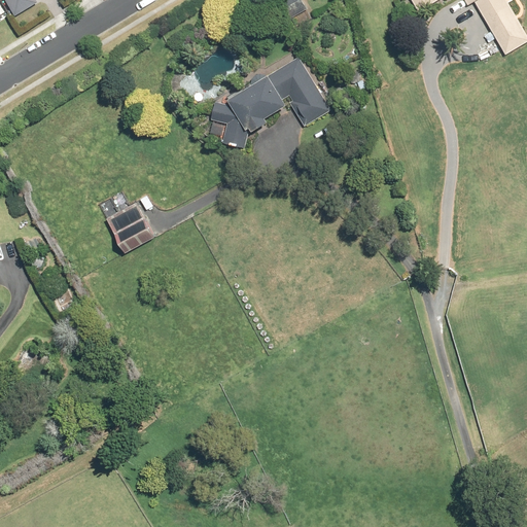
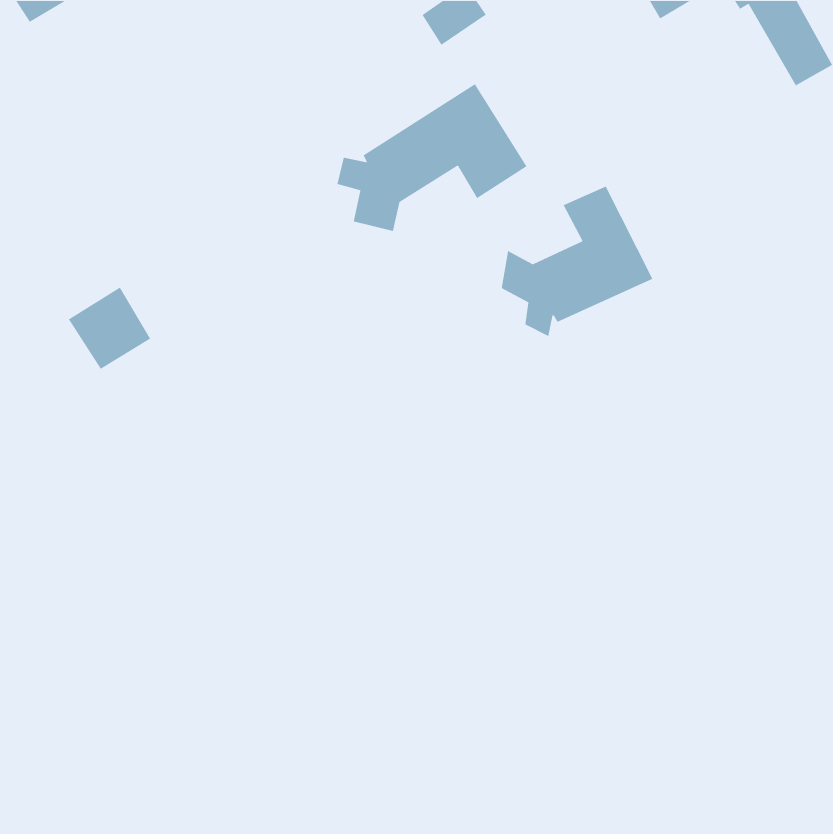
building: none -> [501,185,653,337]
building: [108,198,161,250] -> [68,287,151,370]

